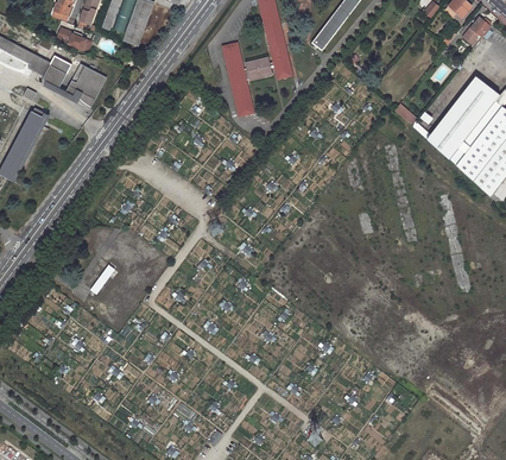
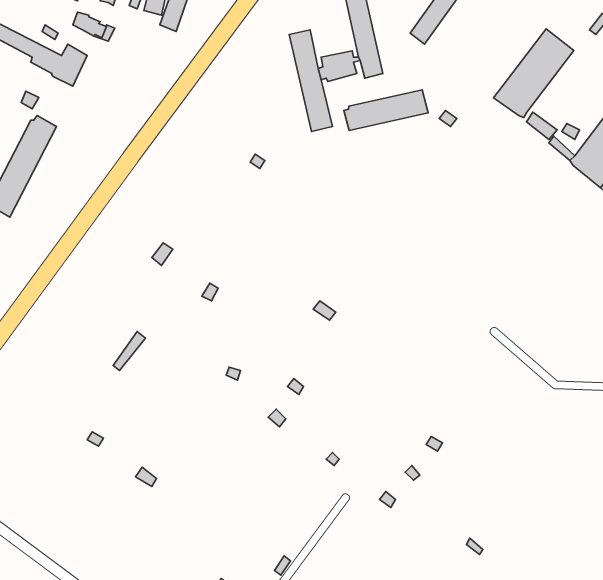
building: none -> [494,29,574,117]
building: [46,59,109,102] -> none
building: none -> [344,90,428,130]

